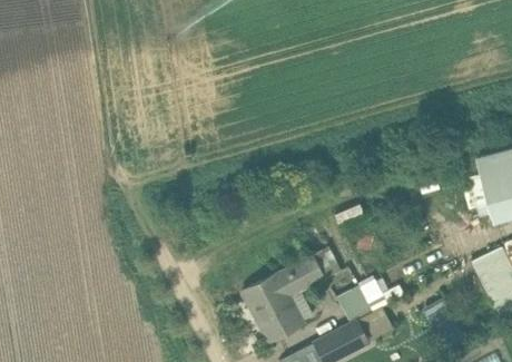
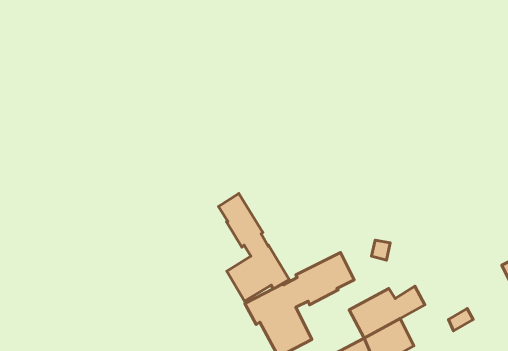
building: none -> [219,194,289,301]

